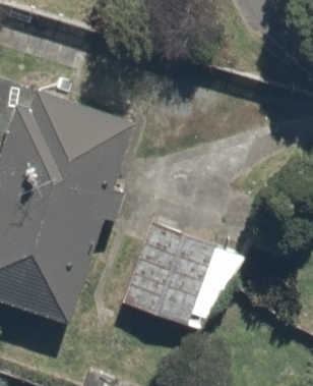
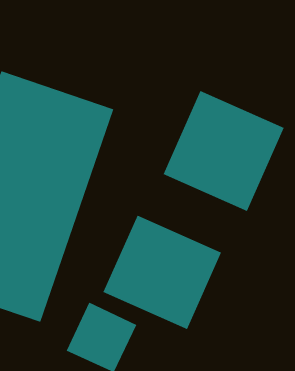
building: none -> [163,90,285,212]

